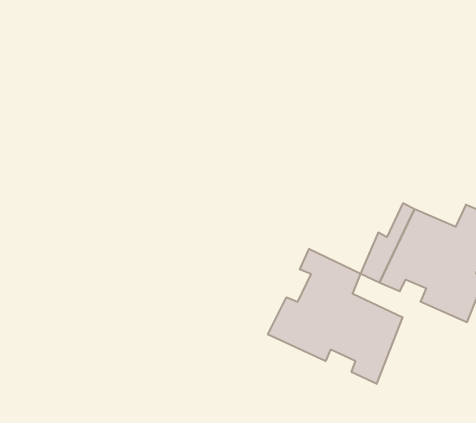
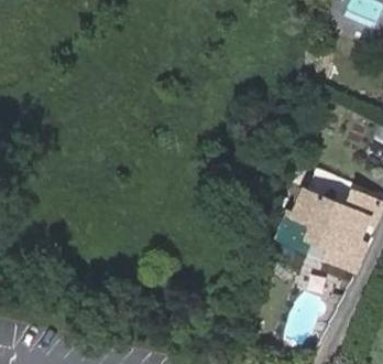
building: [268,249,402,384] -> none

